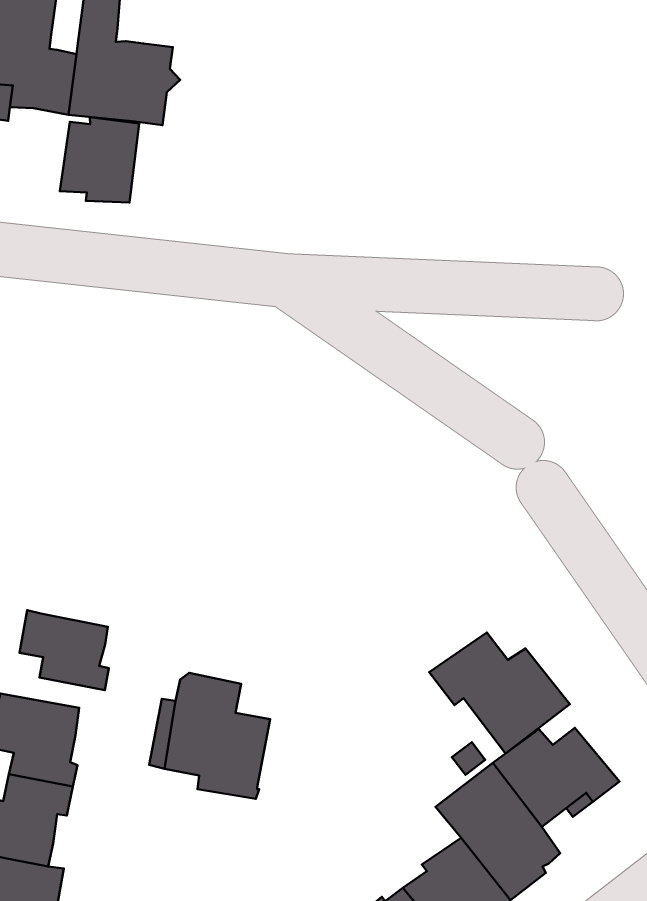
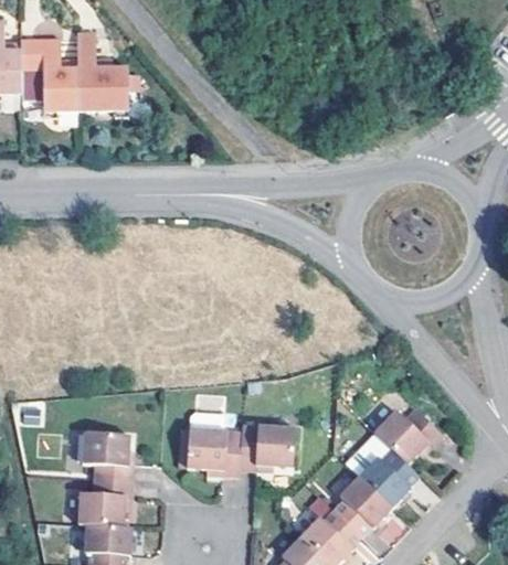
building: [60,117,139,203] -> none
building: [20,610,109,690] -> none
building: [429,632,570,753] -> none
building: none -> [235,425,290,470]

